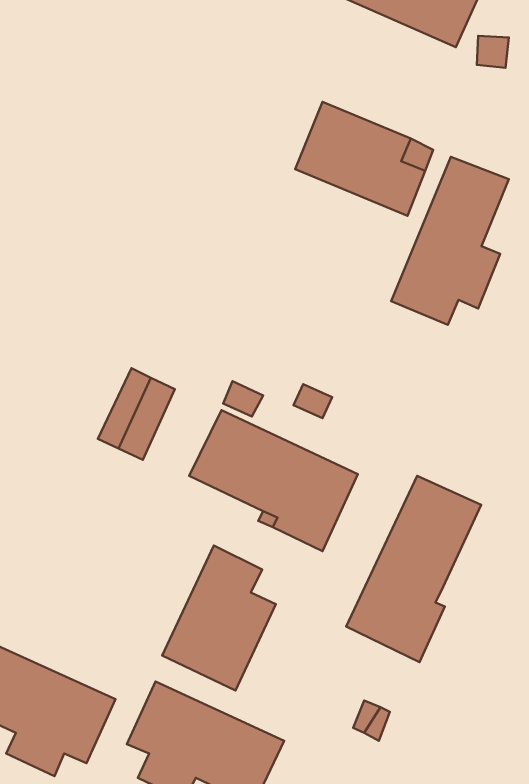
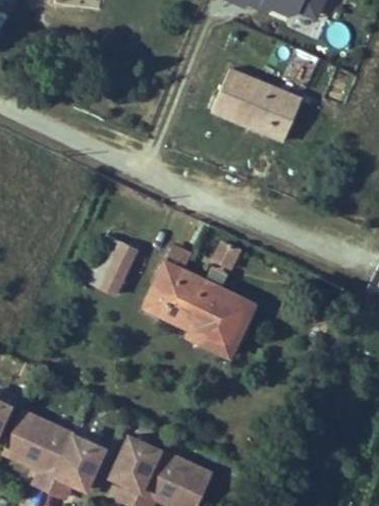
building: [391,157,509,325] -> none
building: [346,476,481,662] -> none
building: [162,546,276,691] -> none

